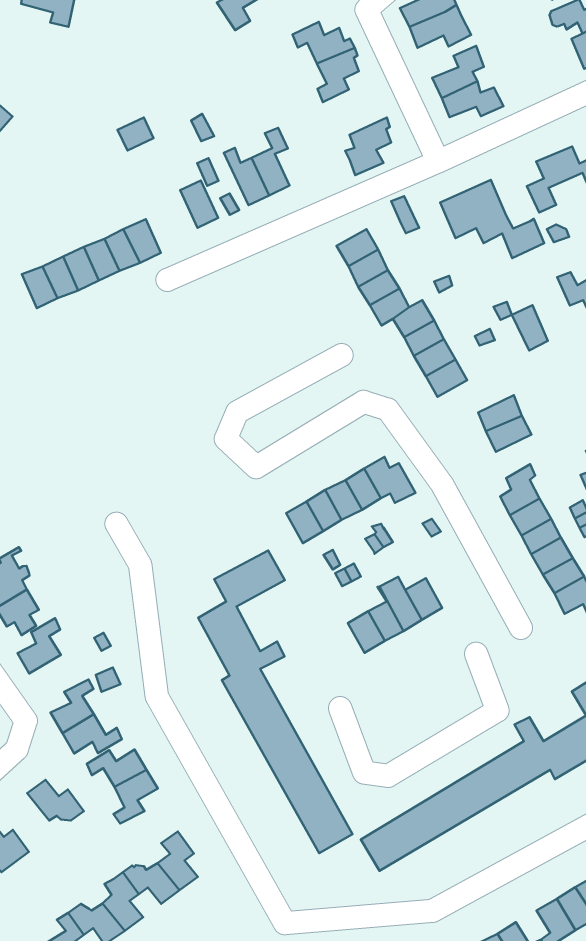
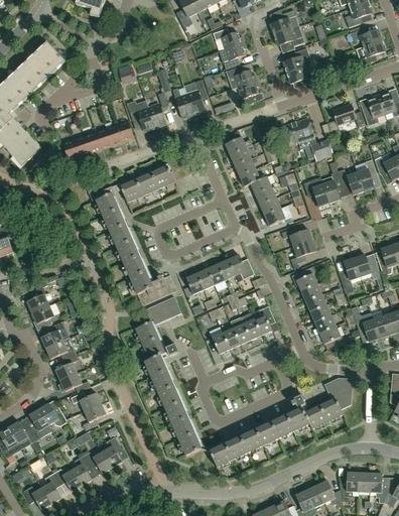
building: none -> [226,66,257,87]
building: none -> [126,100,154,131]
building: none -> [320,170,342,203]
building: none -> [93,162,176,305]
building: none -> [254,305,278,335]
building: none -> [45,338,76,359]
building: none -> [28,409,51,439]

